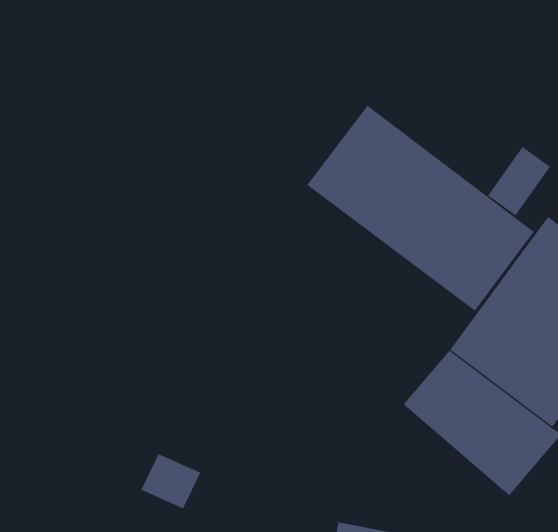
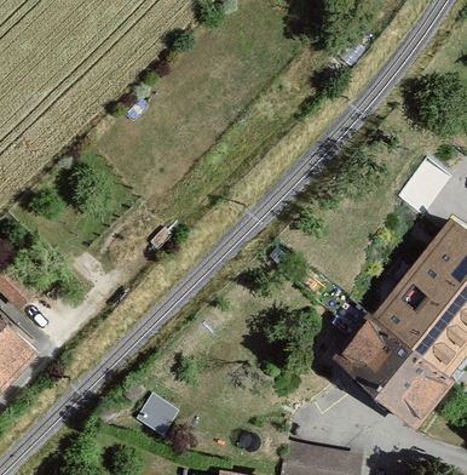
building: [306,105,535,312] -> none

